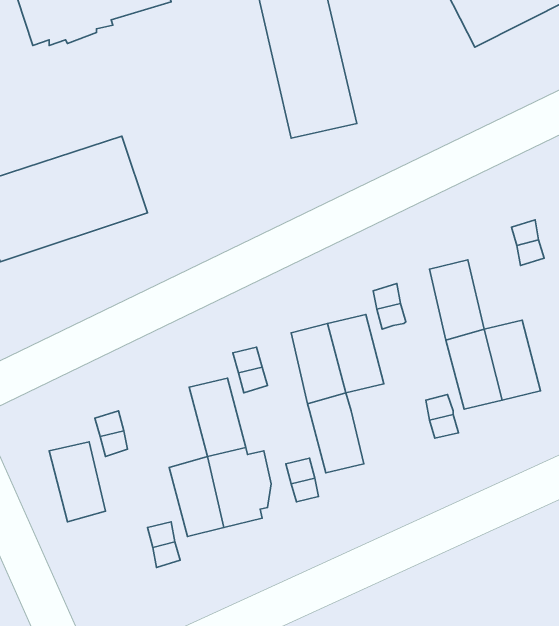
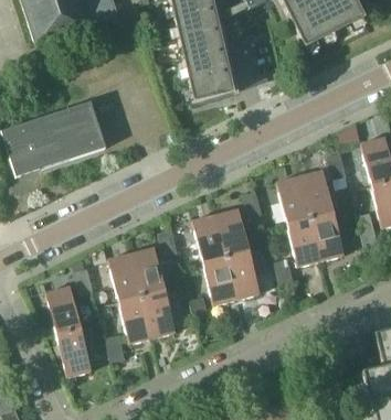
building: none -> [302,169,335,216]
building: none -> [228,247,267,298]
building: none -> [109,251,144,300]
building: none -> [59,324,95,375]

